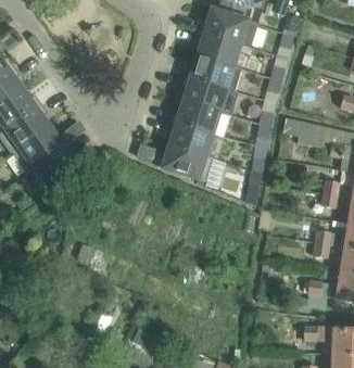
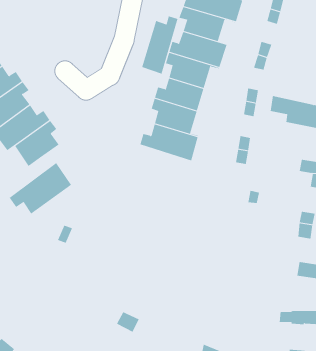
building: none -> [141,16,178,74]
building: none -> [9,162,72,214]

